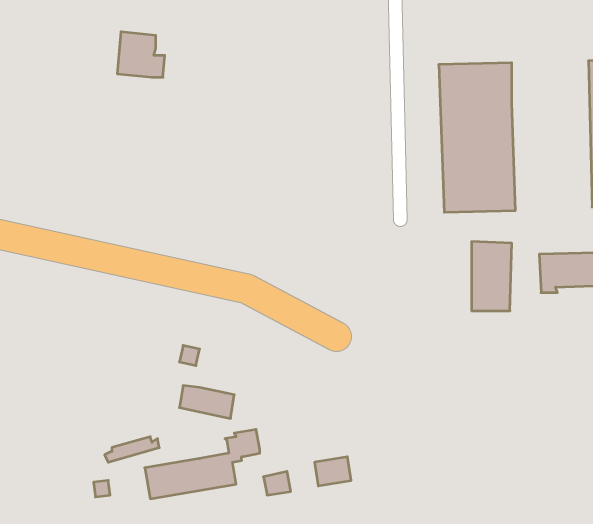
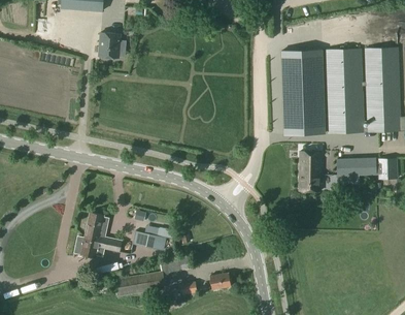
building: none -> [326,49,363,132]
building: none -> [73,213,122,257]

